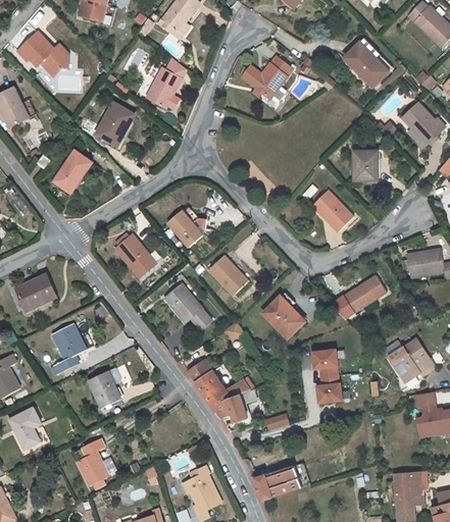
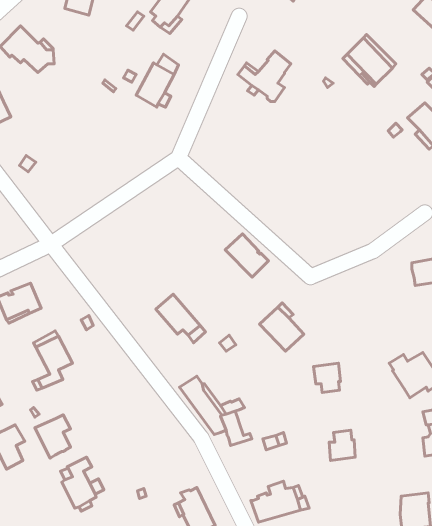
building: [96,103,132,146] -> none
building: [53,151,91,192] -> none
building: [354,152,377,180] -> none
building: [311,190,353,231] -> none
building: [166,207,205,247] -> none
building: [114,233,155,276] -> none
building: [207,255,248,296] -> [225,234,268,277]
building: [335,276,386,320] -> none
building: [87,368,120,409] -> [35,415,71,458]
building: [317,375,342,404] -> [329,430,355,461]

